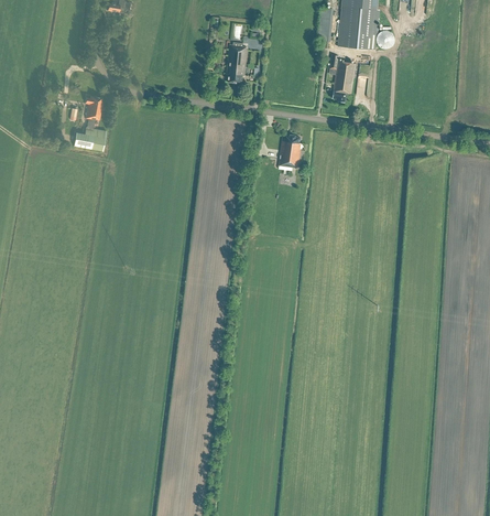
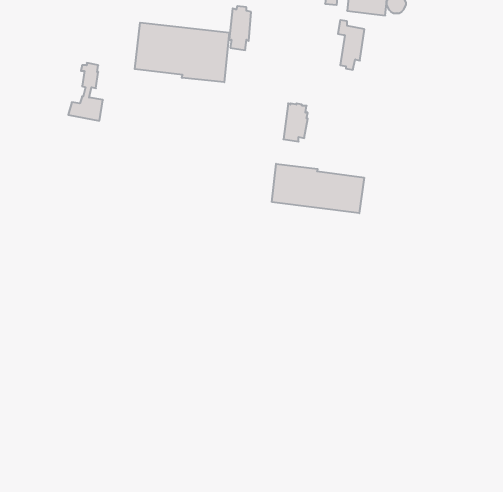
building: none -> [135,23,229,82]
building: none -> [272,164,364,213]

